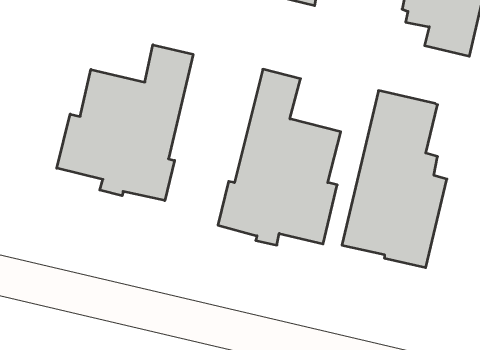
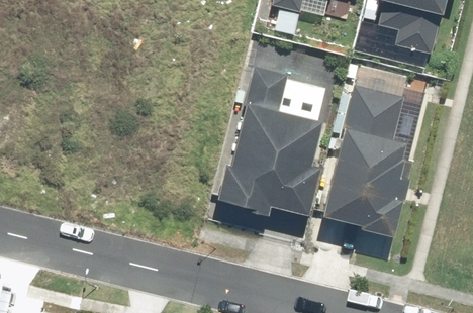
building: [57,45,193,201] -> none

